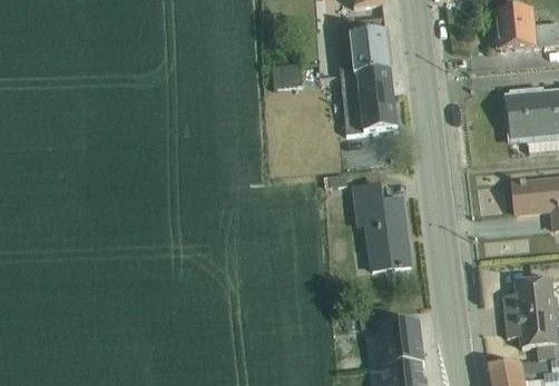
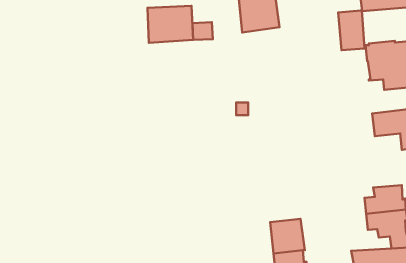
building: none -> [148,6,193,43]
building: none -> [338,10,365,50]
building: [342,69,398,133] -> none
building: [352,182,410,269] -> none

